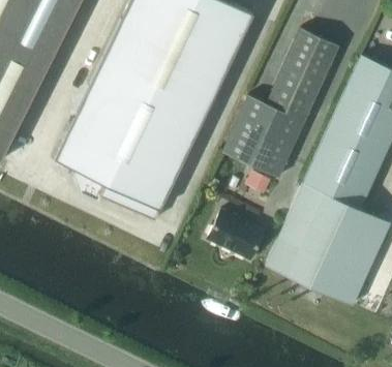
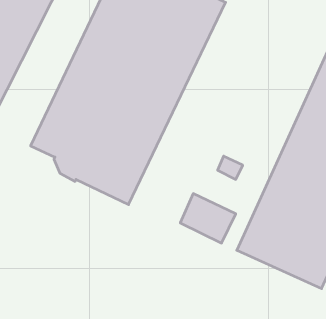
building: [221,29,338,179] -> none

